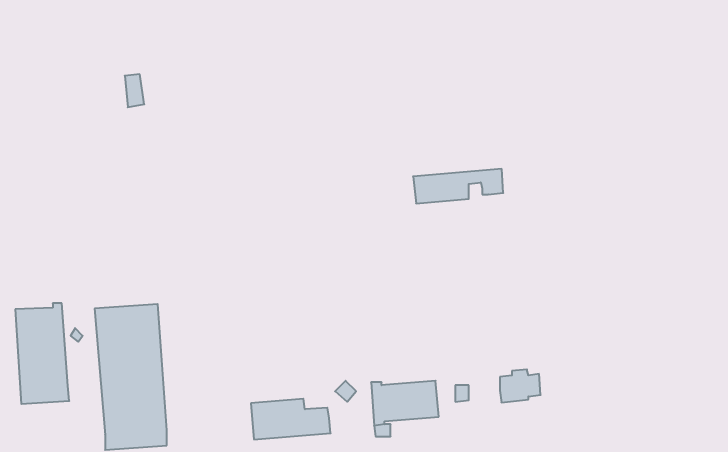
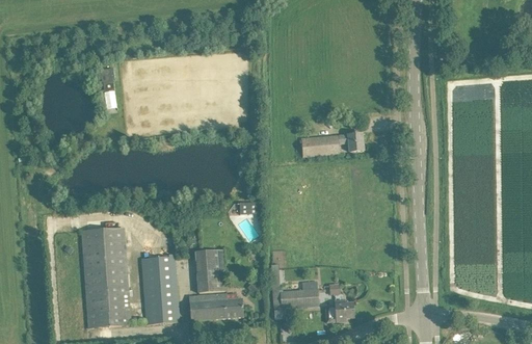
building: [15,303,69,404] -> [141,254,179,323]
building: none -> [195,249,225,292]
building: [500,369,541,402] -> [325,299,353,322]

